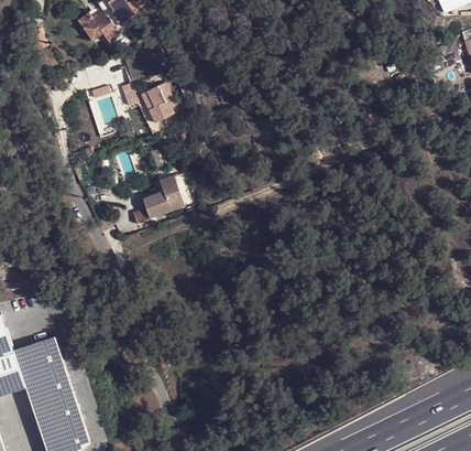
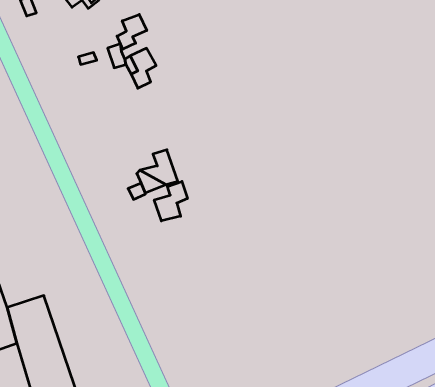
building: none -> [117,14,147,49]
building: none -> [154,181,187,221]

